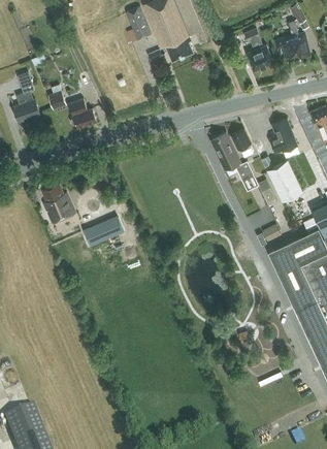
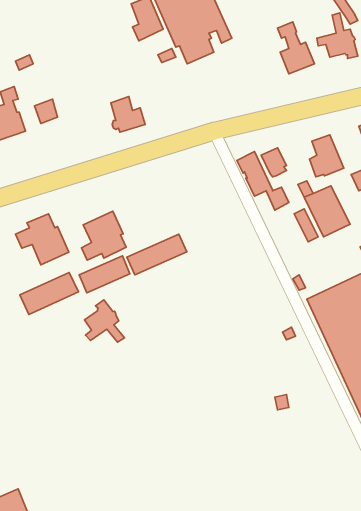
building: [69,98,97,127] -> [111,96,145,132]
building: none -> [81,211,126,260]
building: none -> [127,234,187,275]
building: none -> [20,272,78,314]
building: none -> [85,300,125,342]

